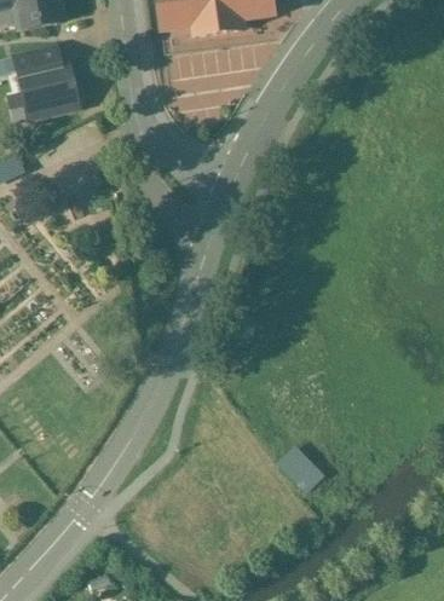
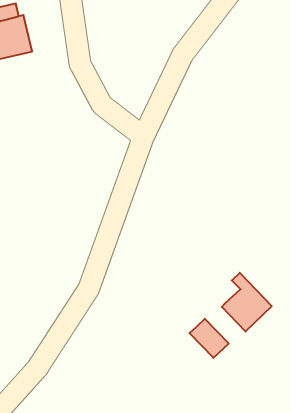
building: none -> [222,273,272,332]

